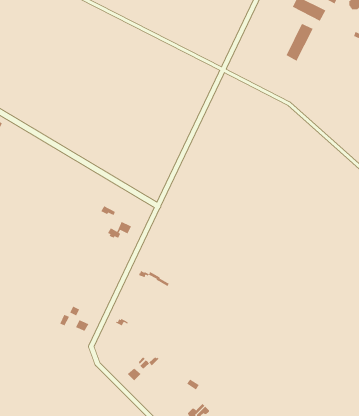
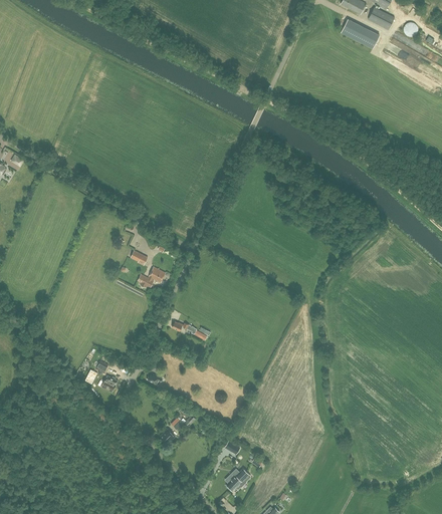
building: [285,23,314,62] -> none

